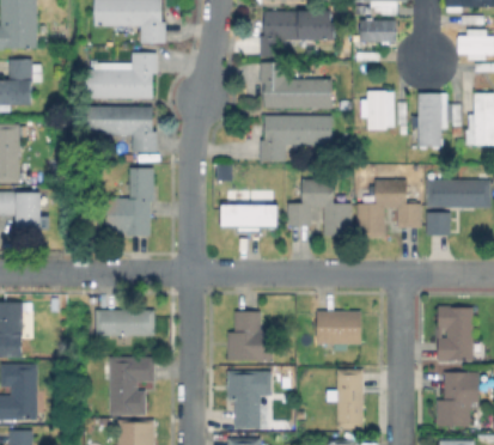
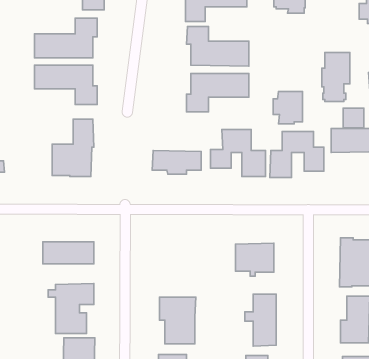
building: [361,91,395,128] -> [273,91,302,124]
building: [426,212,450,234] -> [343,108,364,128]
building: [230,313,272,361] -> none

